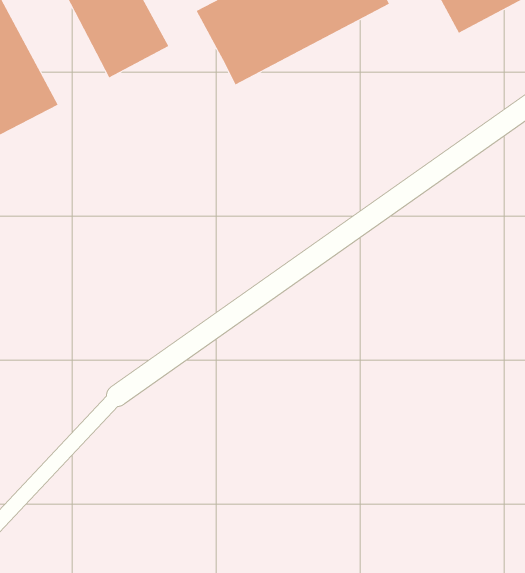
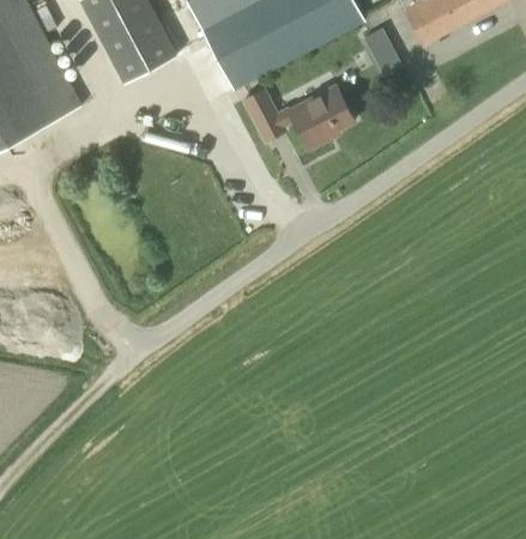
building: none -> [363,26,403,75]
building: none -> [244,85,355,149]

